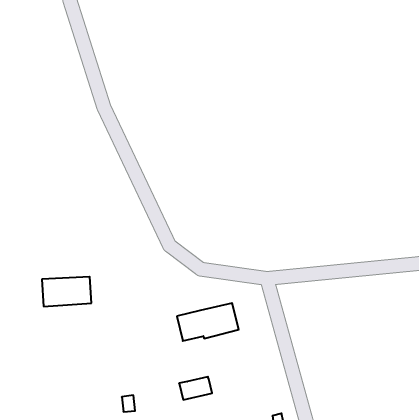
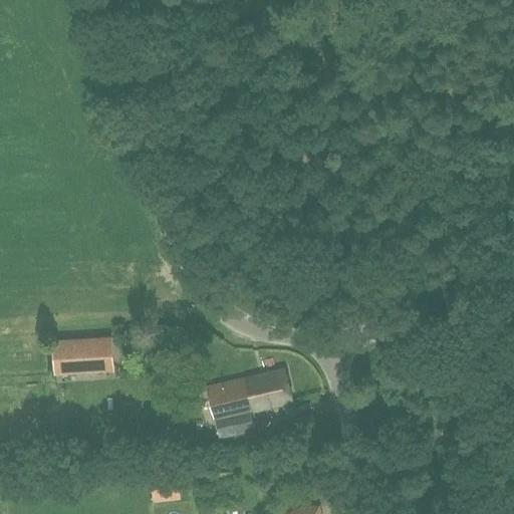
building: [179,377,212,400] -> [213,411,253,439]

